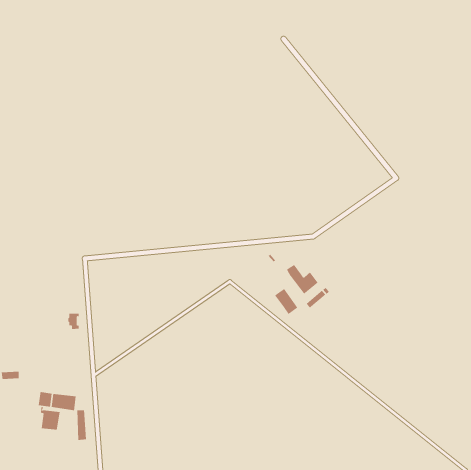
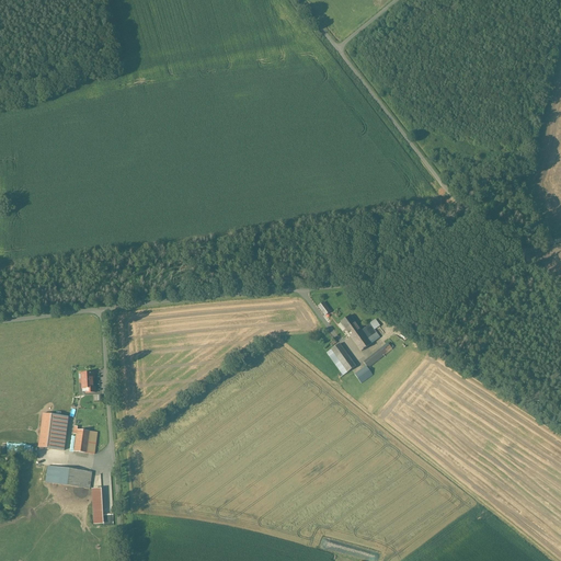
building: none -> [37,412,65,448]
building: [40,406,60,430] -> [72,424,96,453]

